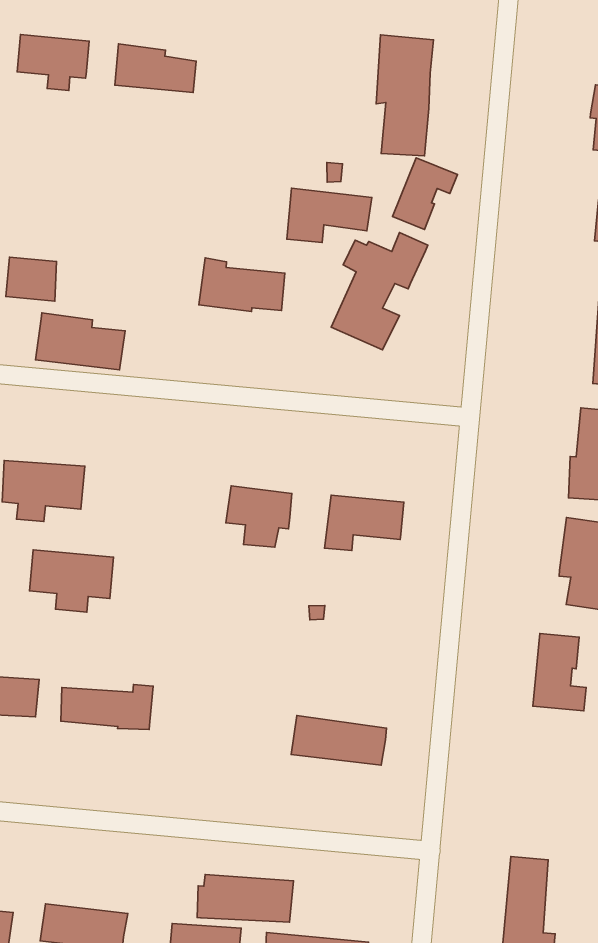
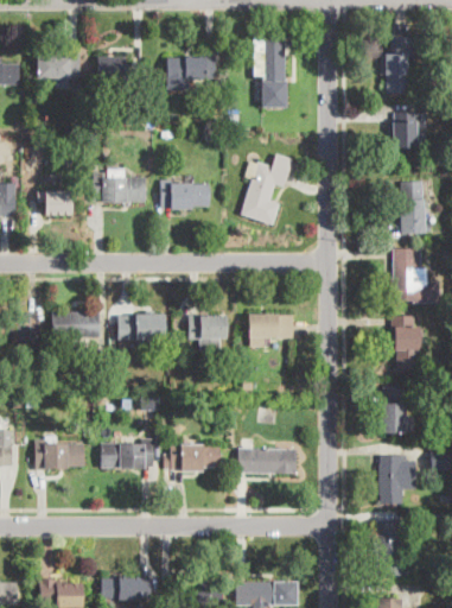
building: [393,158,458,229] -> none
building: [287,188,372,242] -> [166,58,215,89]
building: [35,313,125,370] -> [93,172,145,202]
building: [29,550,114,612] -> [117,314,166,348]
building: none -> [380,455,415,502]
building: [197,875,293,922] -> [163,444,219,471]

